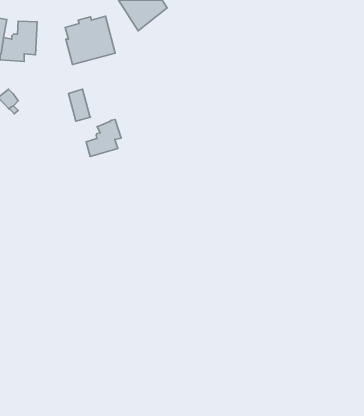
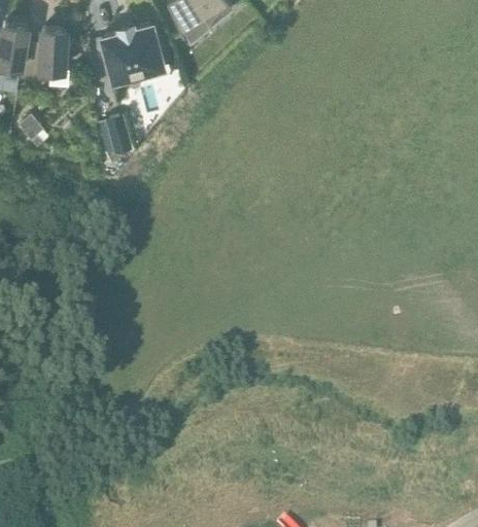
building: [86,119,121,157] -> none

